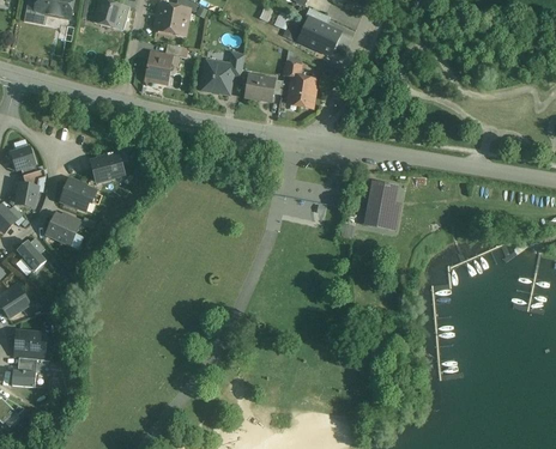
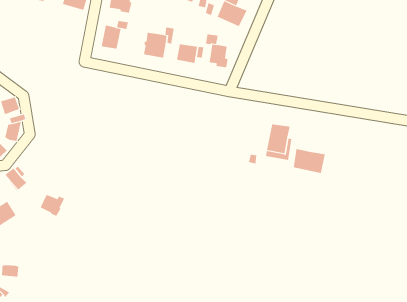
building: [91,156,123,181] -> none
building: [58,177,96,210] -> none
building: [46,214,79,244] -> [40,194,65,217]
building: none -> [293,148,326,174]
building: [16,328,41,356] -> none

